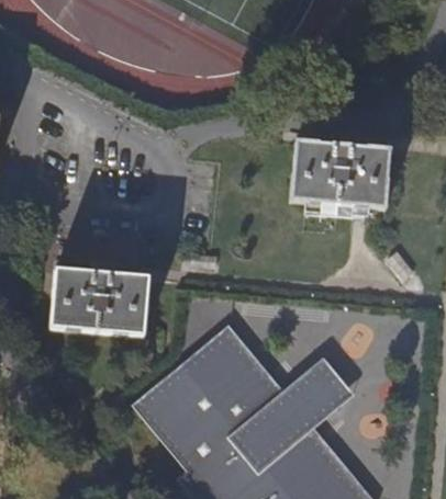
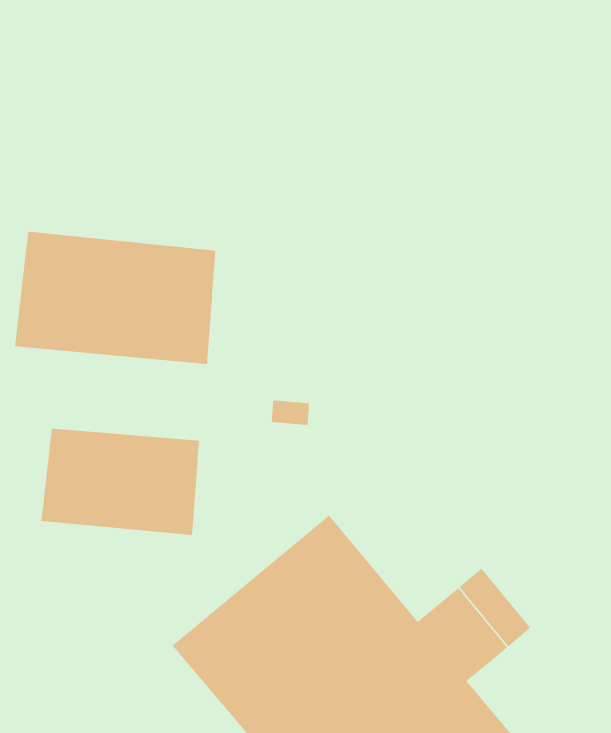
building: [290,143,389,217] -> none
building: none -> [14,231,216,365]

